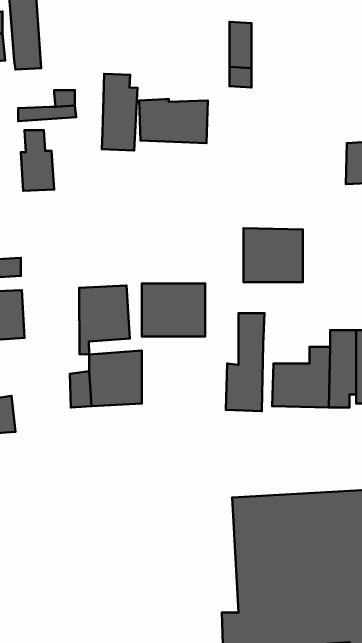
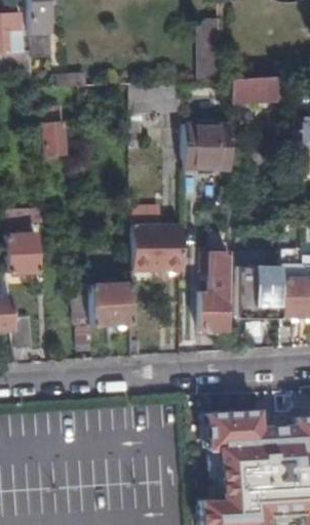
building: [102,74,138,151] -> none
building: none -> [232,76,284,102]
building: [243,228,303,282] -> [184,128,231,171]
building: [79,286,130,355] -> none

